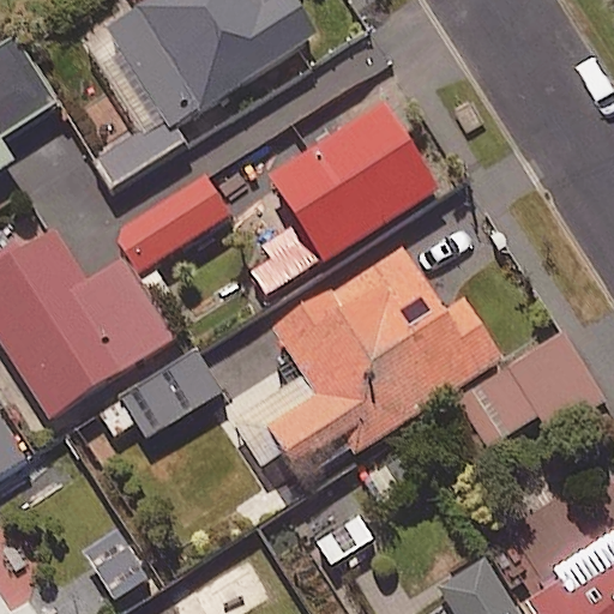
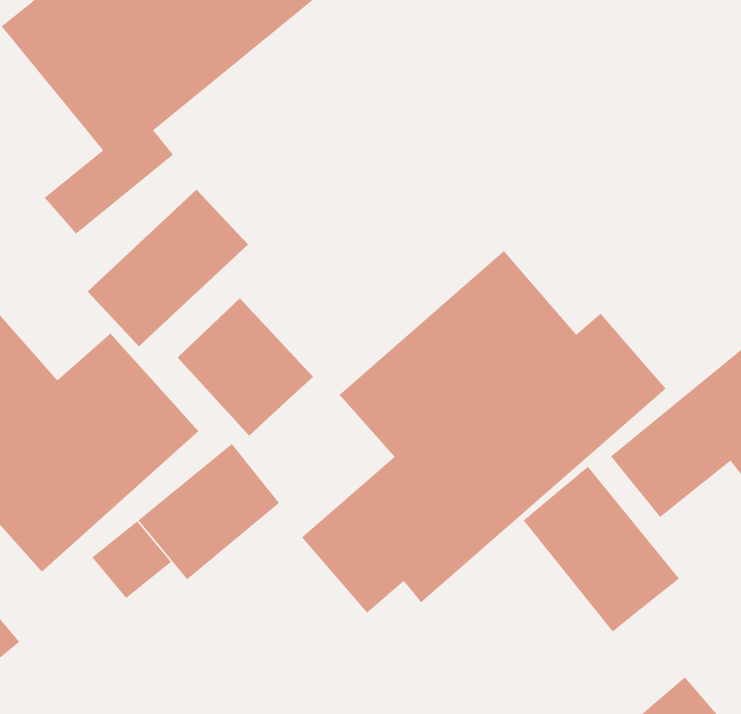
building: [245,101,443,291] -> none
building: none -> [177,298,314,436]
building: none -> [523,466,680,632]

